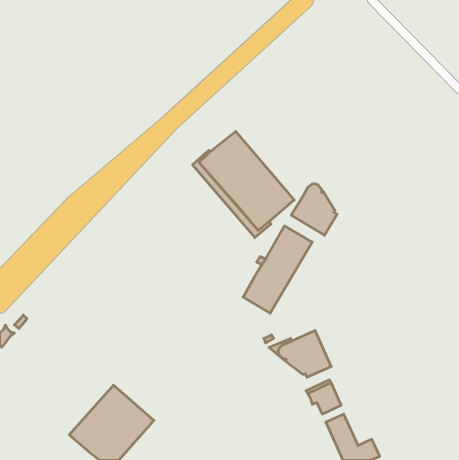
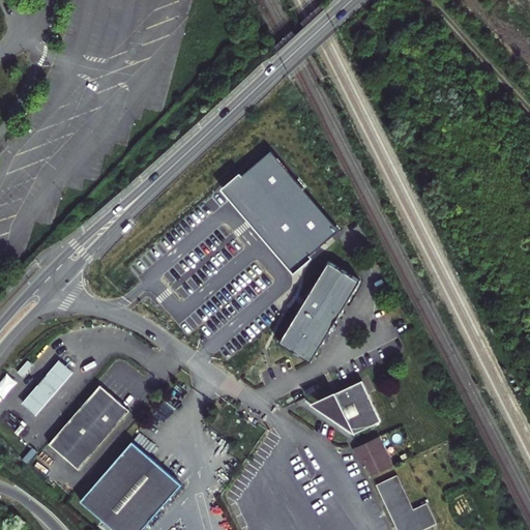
building: [291,184,337,235] -> none
building: none -> [22,358,72,414]
building: none -> [48,388,127,471]

